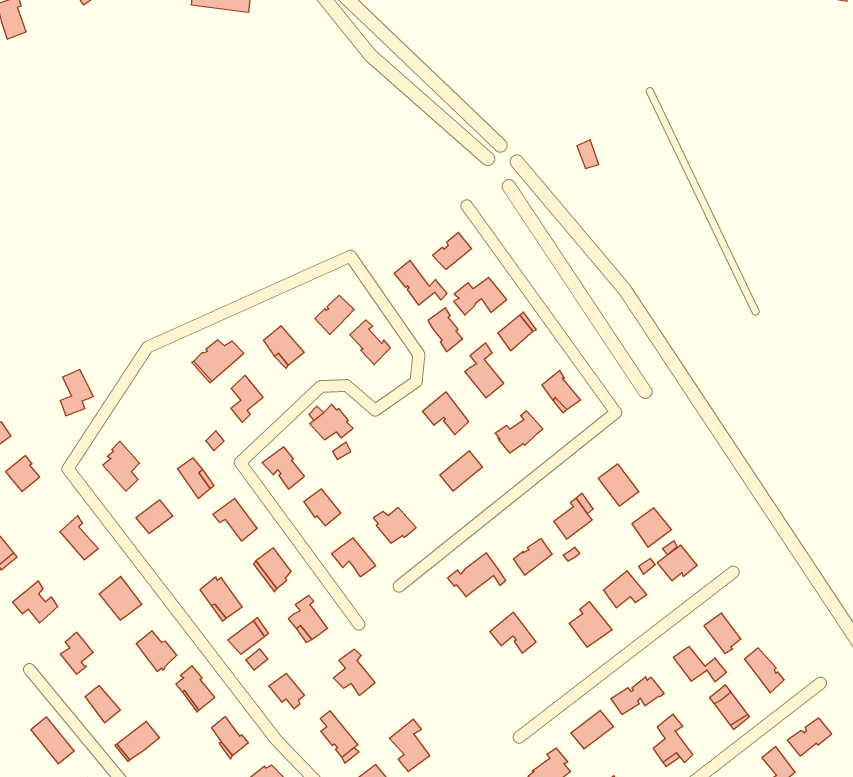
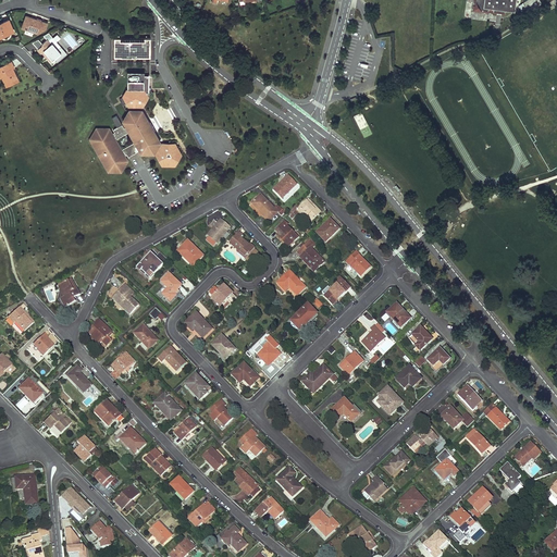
building: none -> [89,70,180,170]
building: none -> [109,282,138,312]

